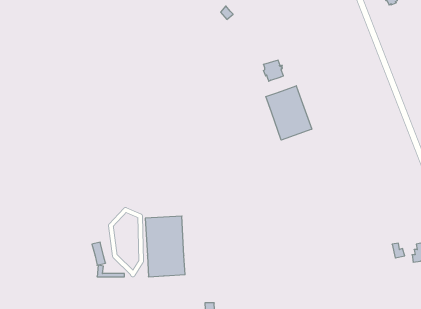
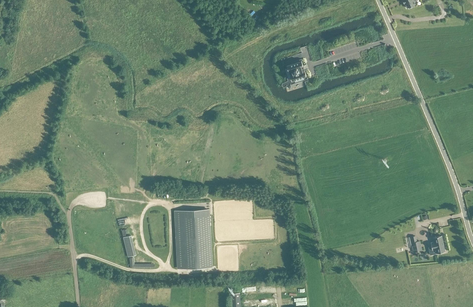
building: [266,86,312,140] -> none

